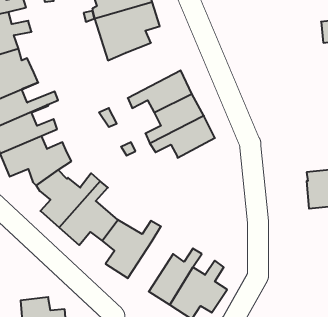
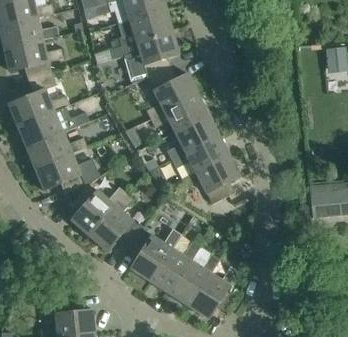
building: none -> [145,68,198,118]
building: none -> [181,154,240,203]
building: none -> [150,241,199,293]

